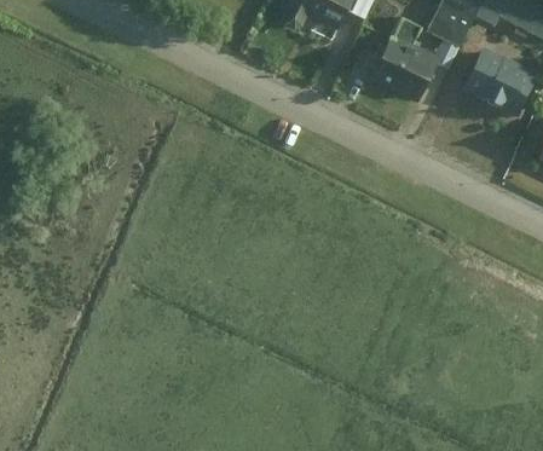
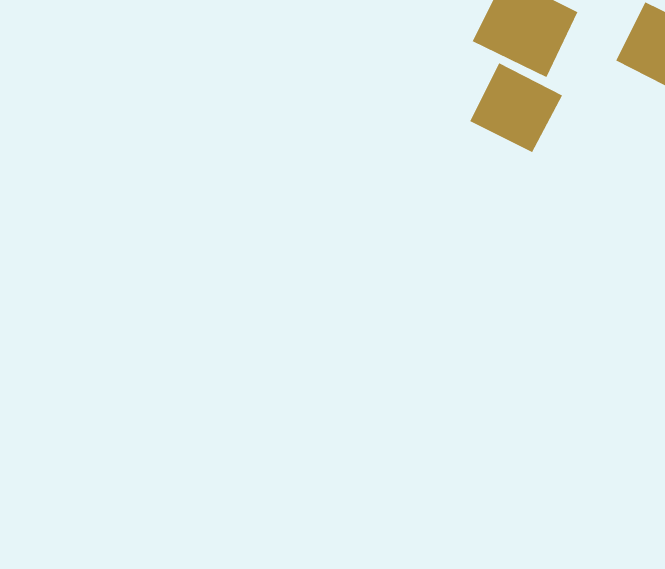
building: none -> [469,62,563,153]

